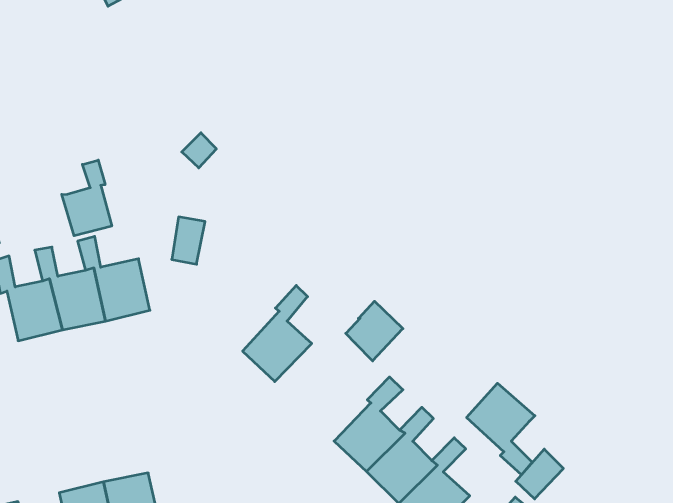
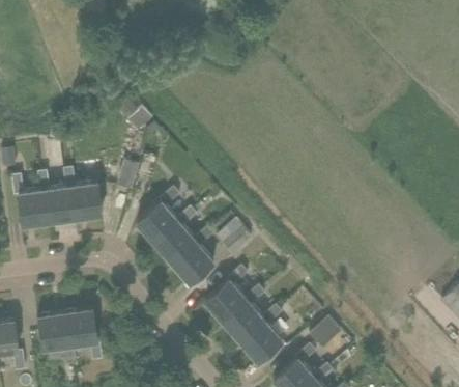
building: [62,160,112,236] -> none
building: none -> [136,187,180,243]
building: none -> [172,227,213,282]
building: [467,383,535,475] -> none

